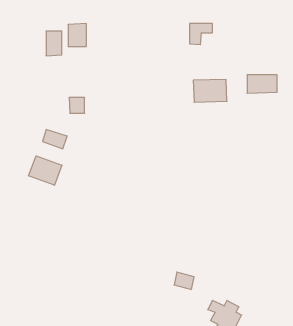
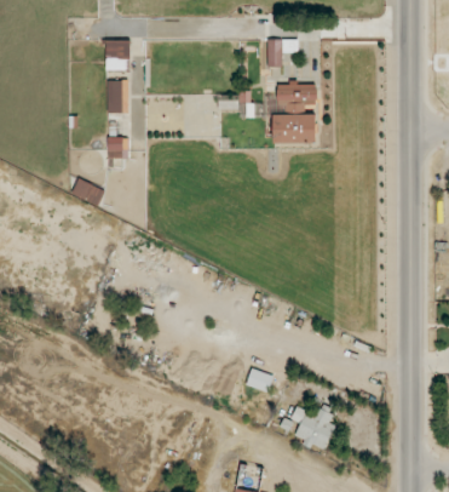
building: [46,31,62,56] -> [108,81,128,114]
building: [247,75,277,93] -> [277,84,317,108]
building: [29,156,62,185] -> none

